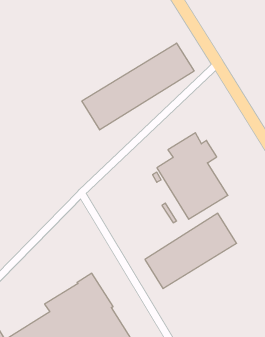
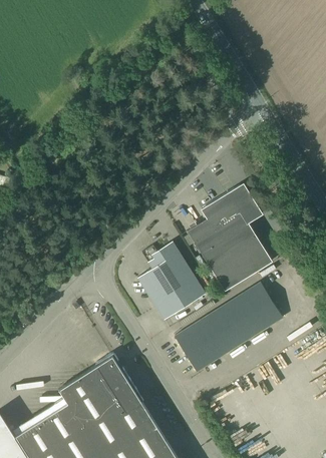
building: [82,43,194,130] -> none
building: none -> [137,243,206,321]

